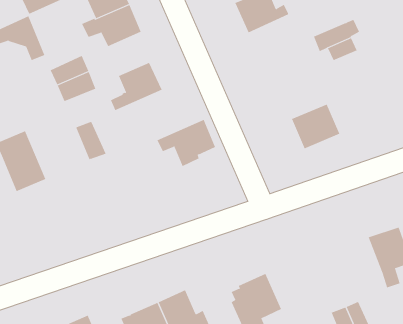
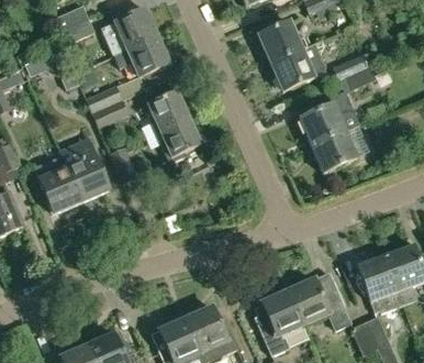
building: none -> [272,43,325,91]
building: none -> [301,102,347,144]
building: none -> [59,139,109,201]
building: [157,119,216,167] -> [146,117,202,162]
building: none -> [357,256,403,314]
building: none -> [289,273,352,330]

